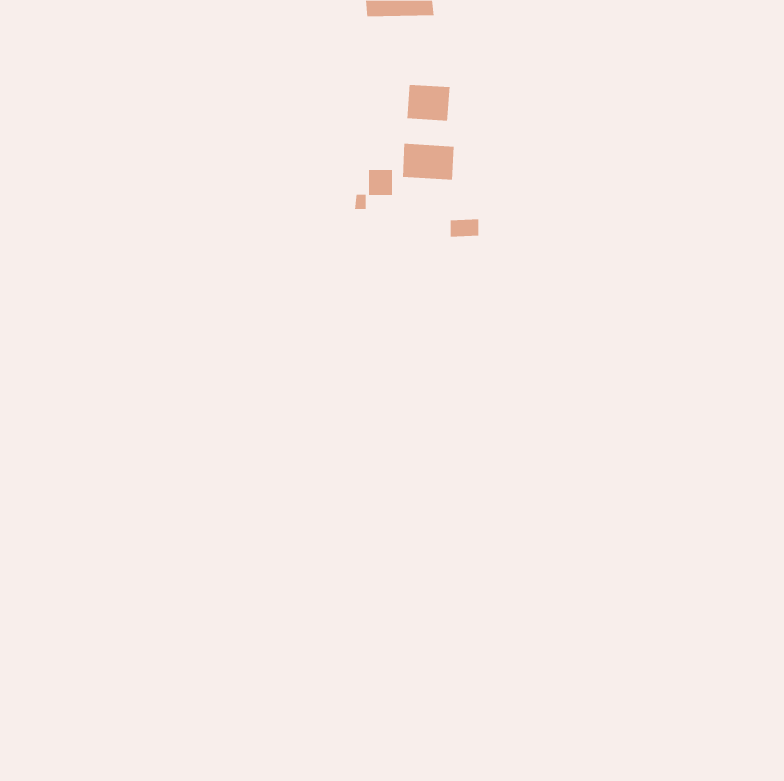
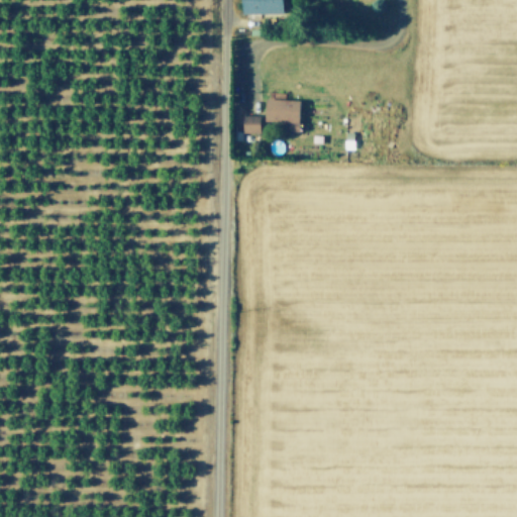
building: [407,84,450,121] -> none

